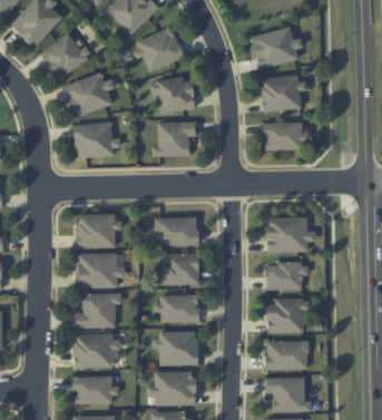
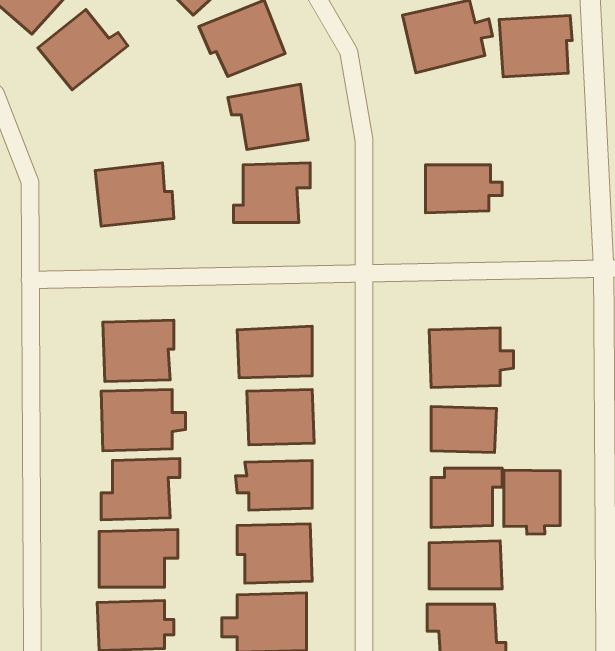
building: [63,72,115,116] -> none
building: [261,76,303,111] -> [499,16,572,77]
building: none -> [504,470,560,534]

